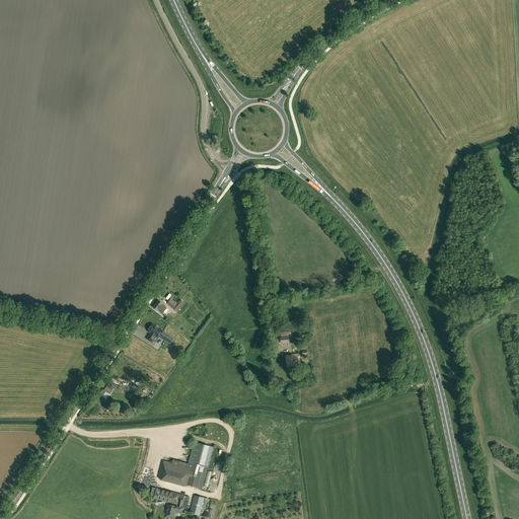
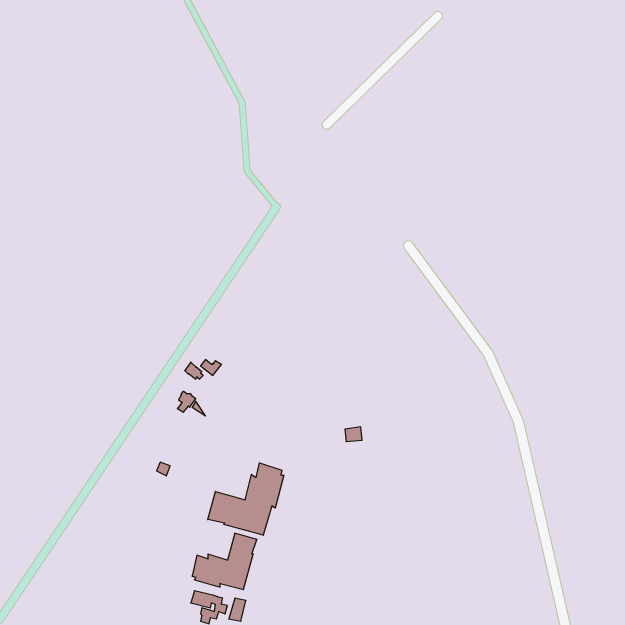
building: none -> [208,463,284,535]

